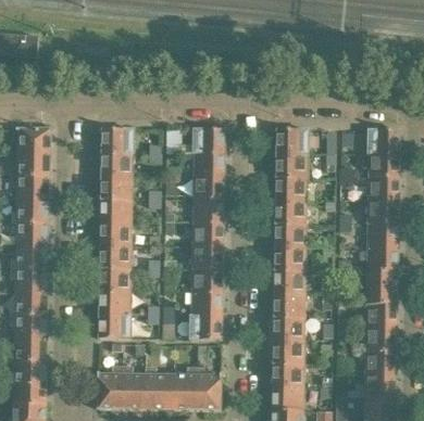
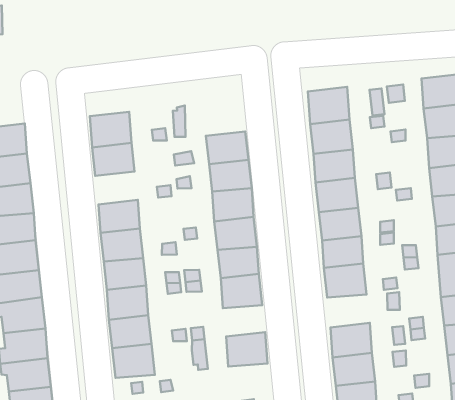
building: [191,130,224,156] -> none
building: [100,178,132,201] -> none
building: [189,294,221,317] -> none
building: [273,295,304,319] -> none

